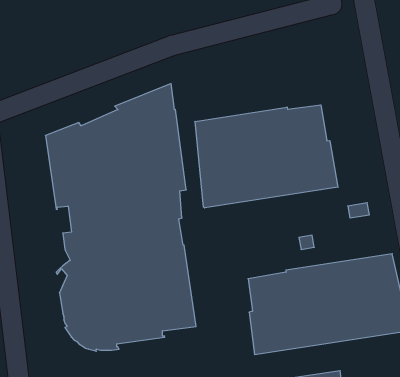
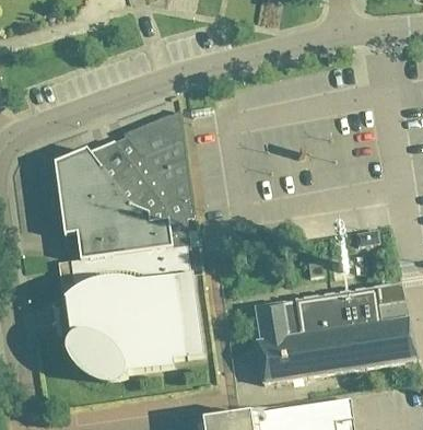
building: [195,105,338,208] -> none

